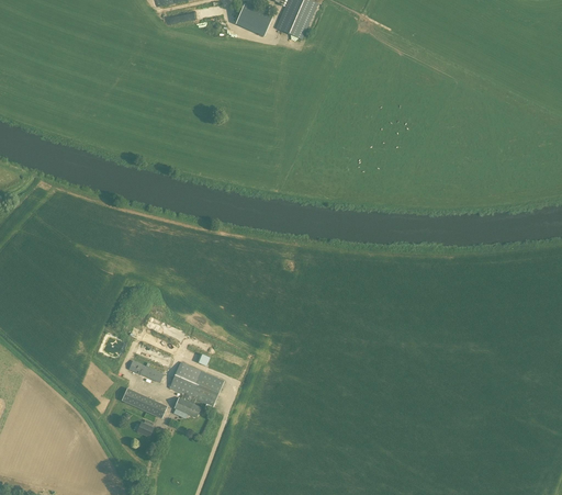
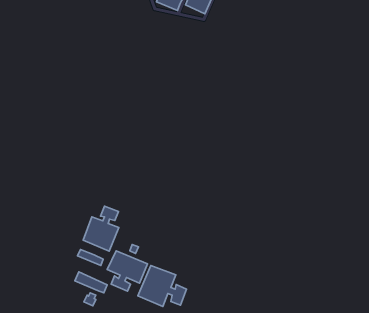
building: none -> [83,206,119,251]
building: none -> [138,265,186,306]

